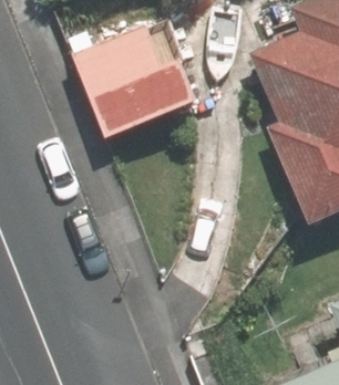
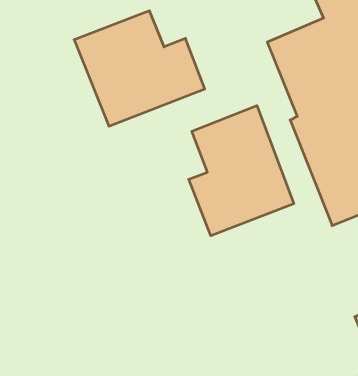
building: none -> [189,106,294,236]

